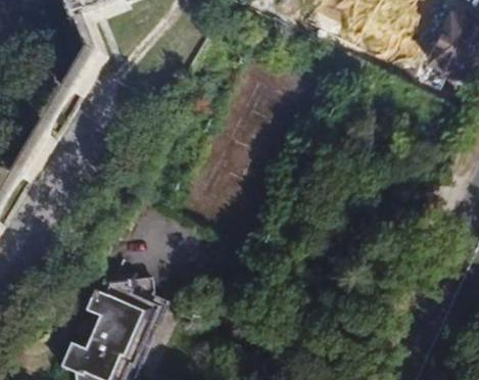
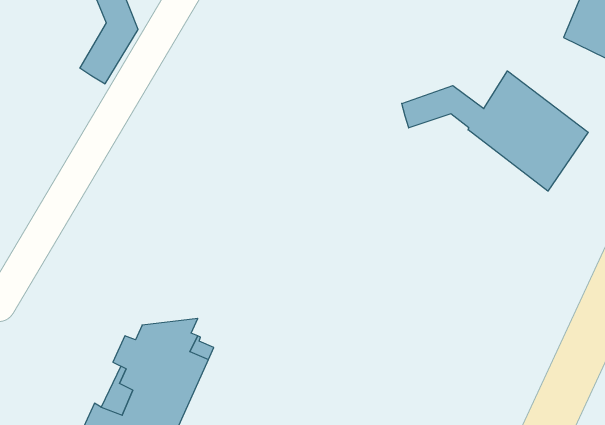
building: none -> [402,71,588,191]

